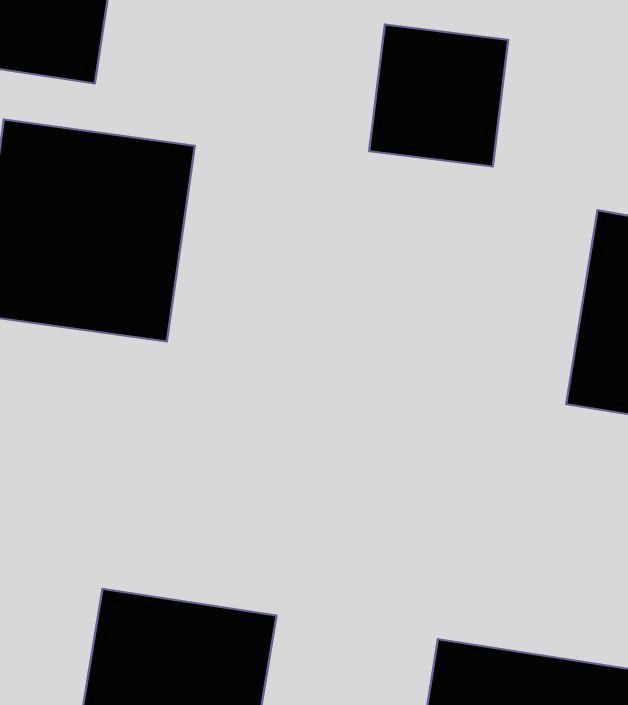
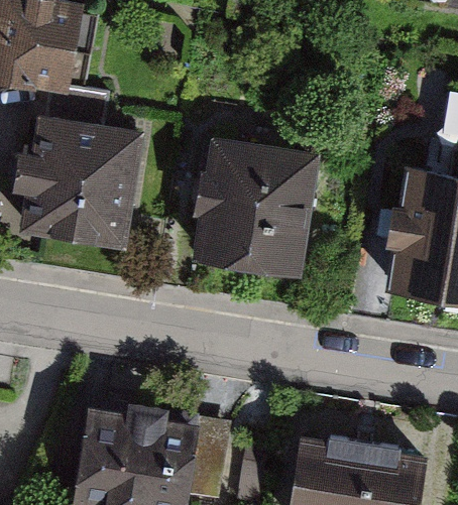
building: [369,25,508,166] -> none
building: none -> [195,138,321,281]

